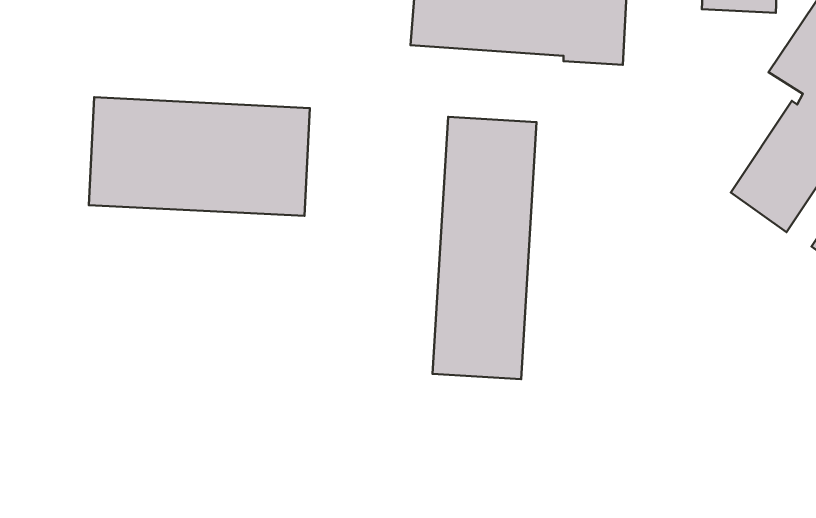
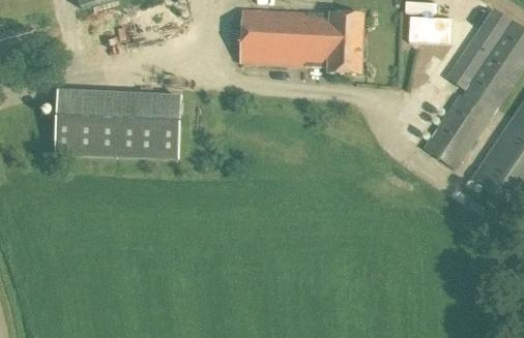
building: [433,117,537,379] -> none

